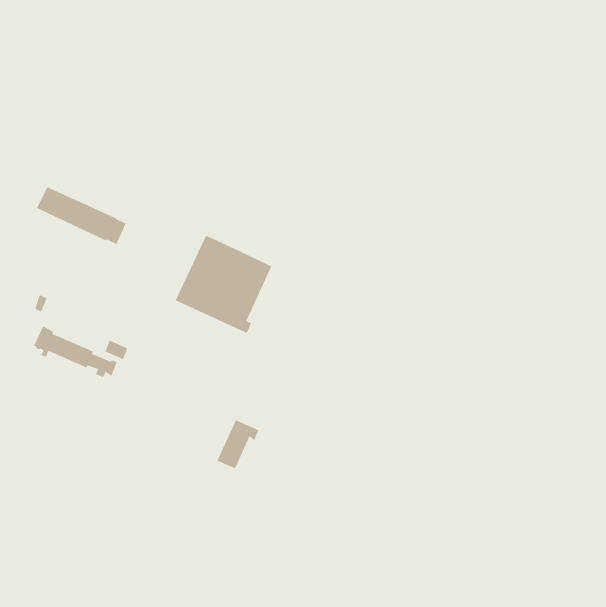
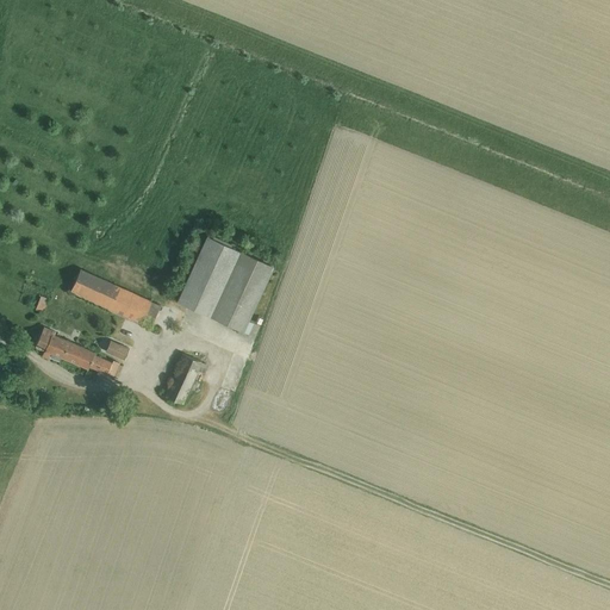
building: [36,187,126,245] -> [69,269,160,328]
building: [216,419,259,469] -> [163,354,206,404]

